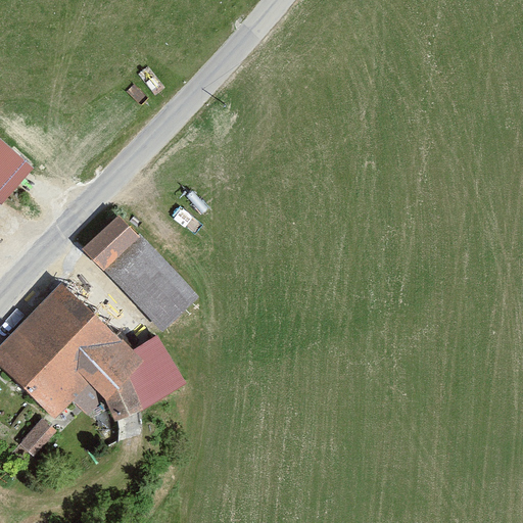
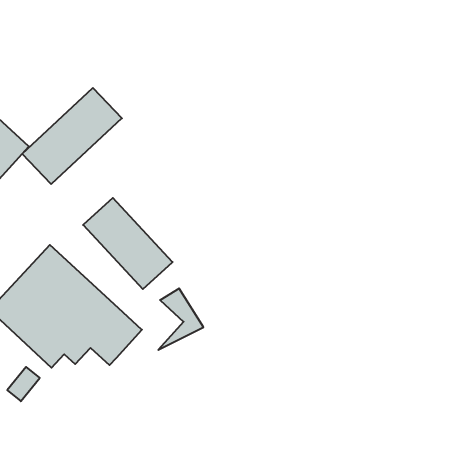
building: none -> [22,88,122,184]
building: [132,338,183,408] -> [158,288,203,350]

